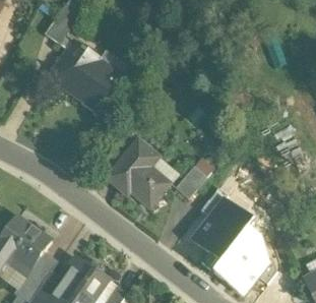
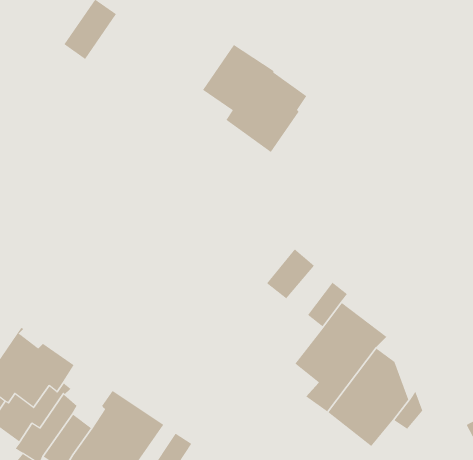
building: [52,40,120,110] -> [202,44,307,153]
building: [106,138,169,205] -> none

